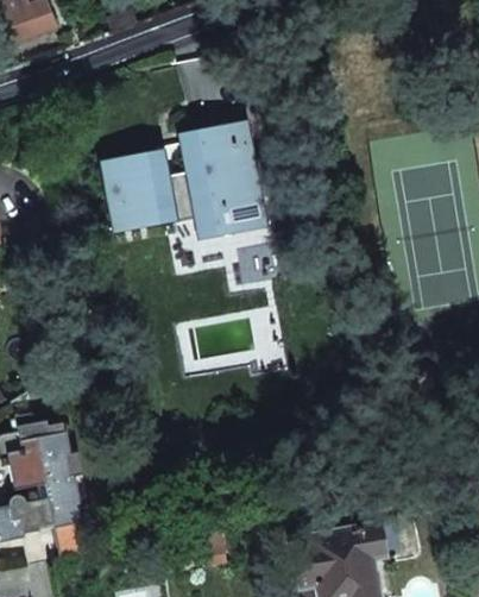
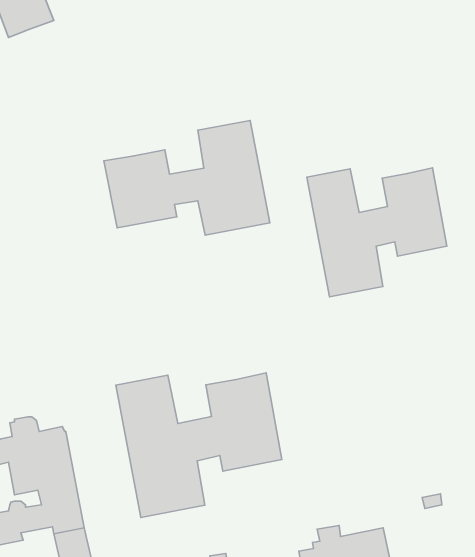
building: none -> [307,168,447,297]
building: none -> [116,373,282,517]

